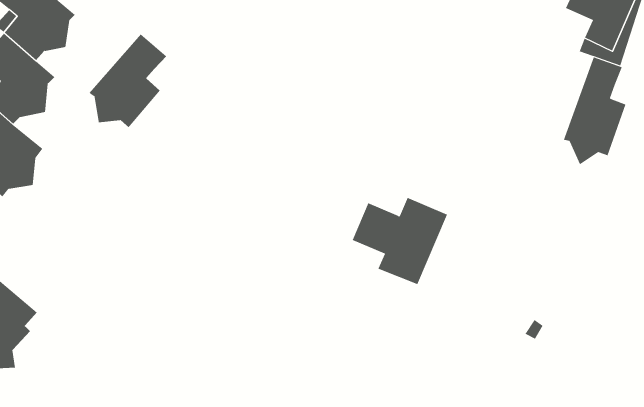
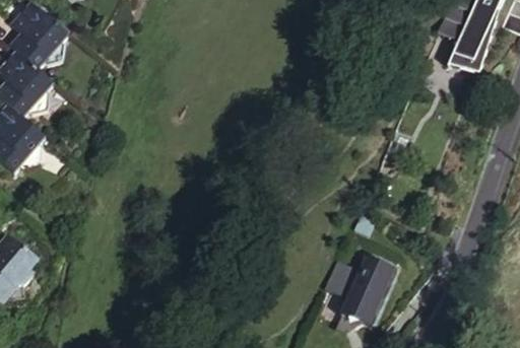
building: [89,34,167,128] -> none
building: [563,57,626,165] -> none
building: [352,197,448,285] -> [324,252,396,318]

